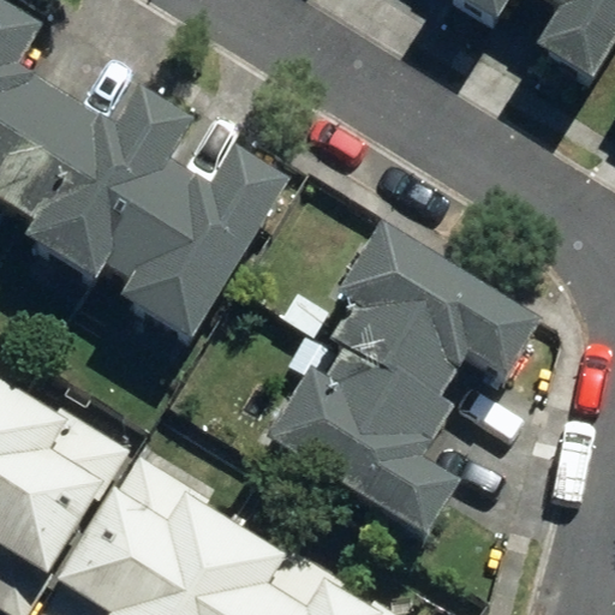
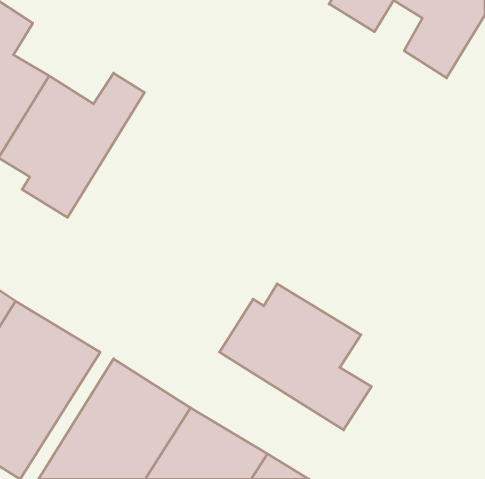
building: [94,150,280,334] -> none
building: [340,233,545,414] -> none

